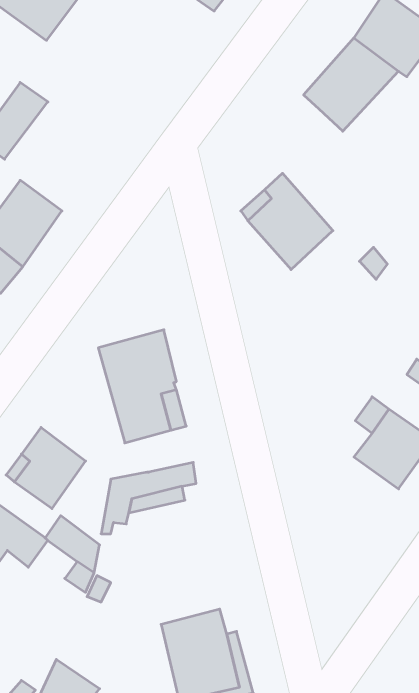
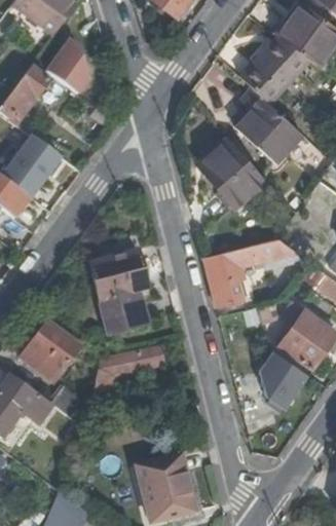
building: none -> [49,40,88,96]
building: none -> [235,86,300,162]
building: none -> [202,236,295,304]
building: none -> [259,354,304,407]

